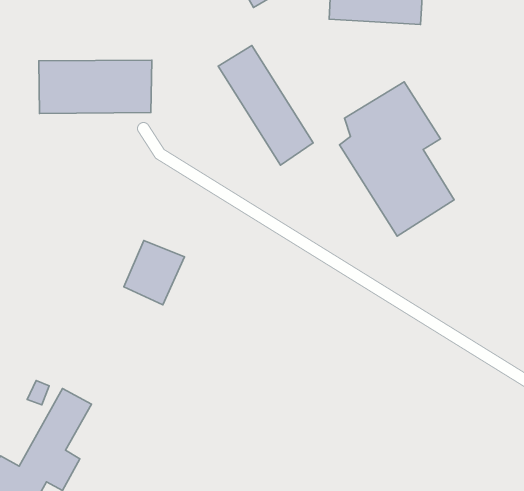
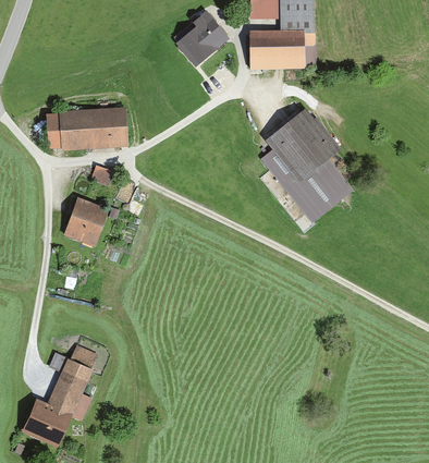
building: [218,45,313,165] -> none
building: [124,240,185,305] -> [64,203,107,248]

